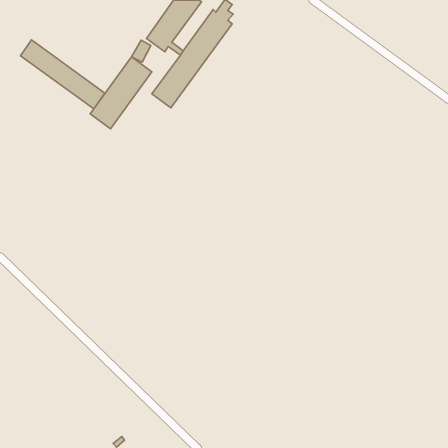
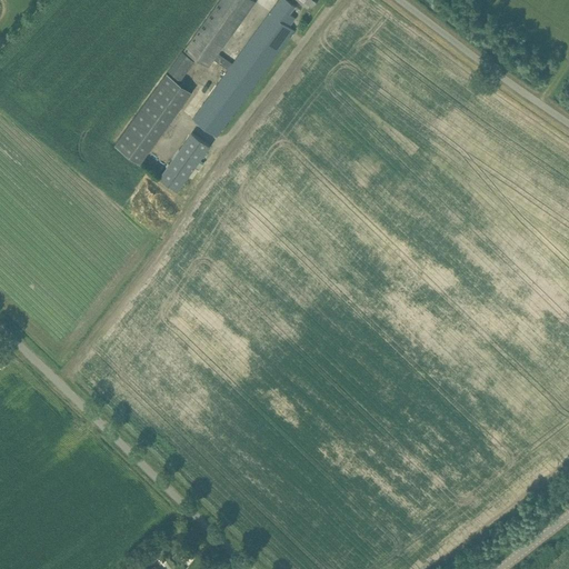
building: [20,40,105,109] -> none
building: none -> [159,133,210,191]

